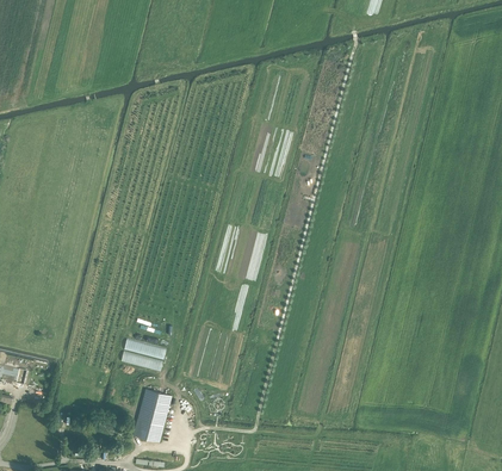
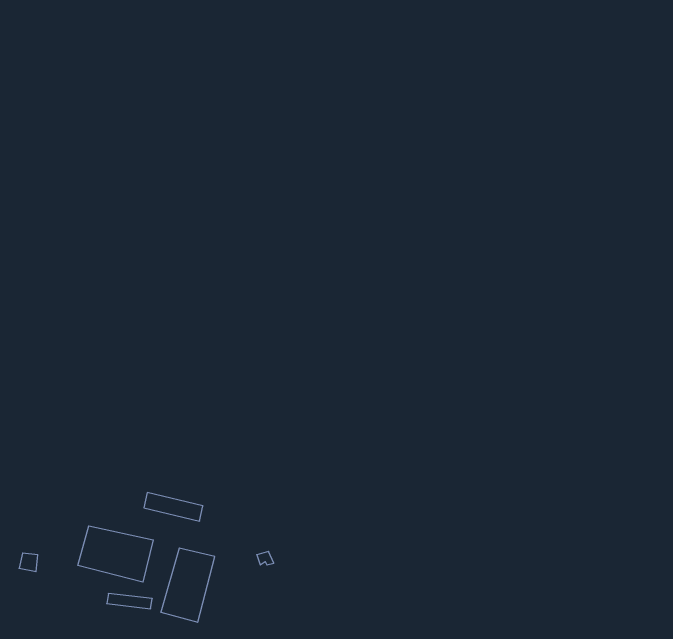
building: none -> [78,526,153,582]

